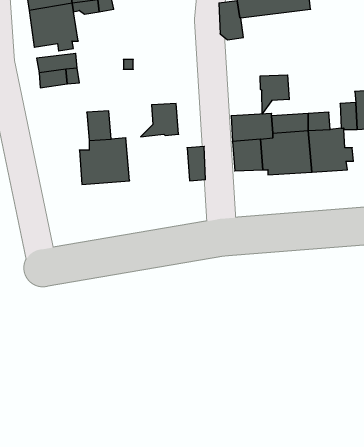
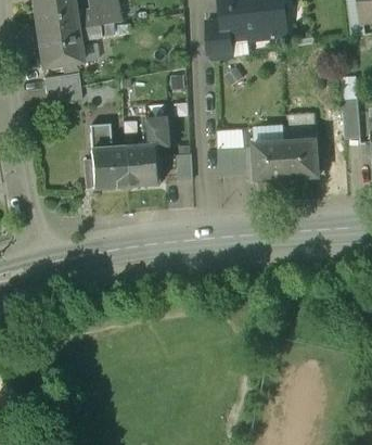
building: [260,75,289,114] -> none
building: none -> [124,144,161,186]

